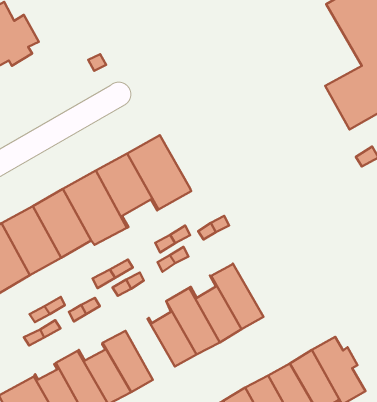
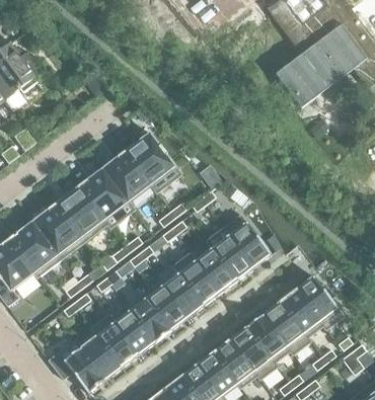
building: none -> [222,214,271,267]
building: none -> [143,282,186,330]

